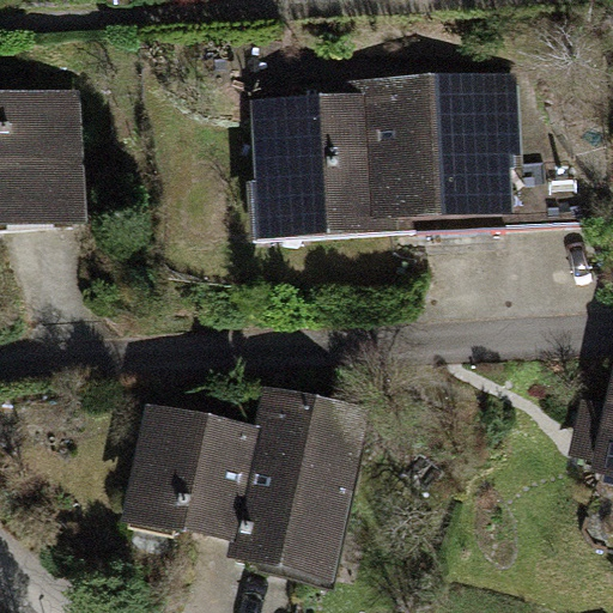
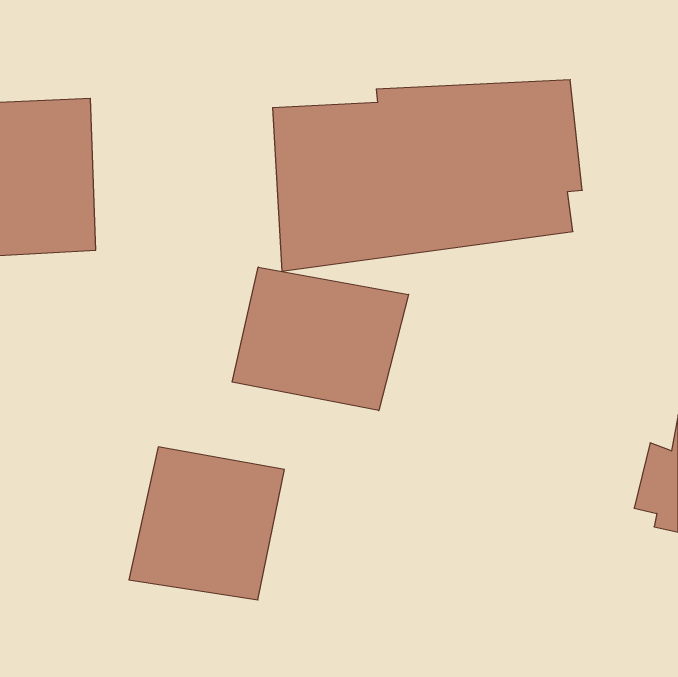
building: none -> [232,267,409,411]
building: [229,387,369,584] -> none

